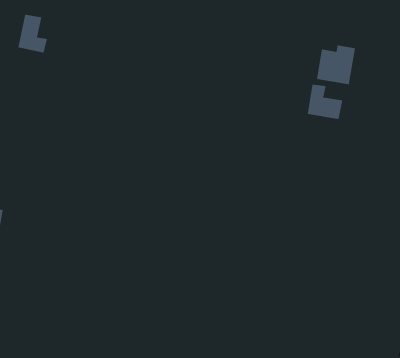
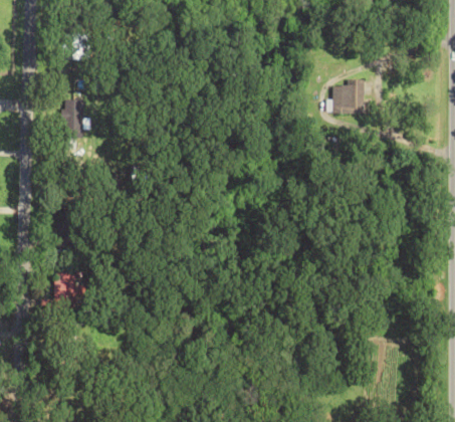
building: [307,84,343,120] -> none

